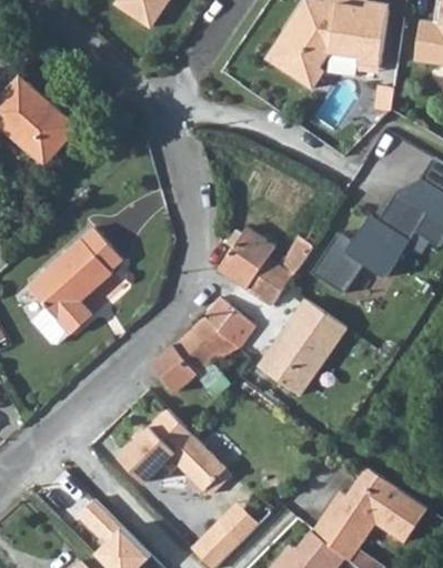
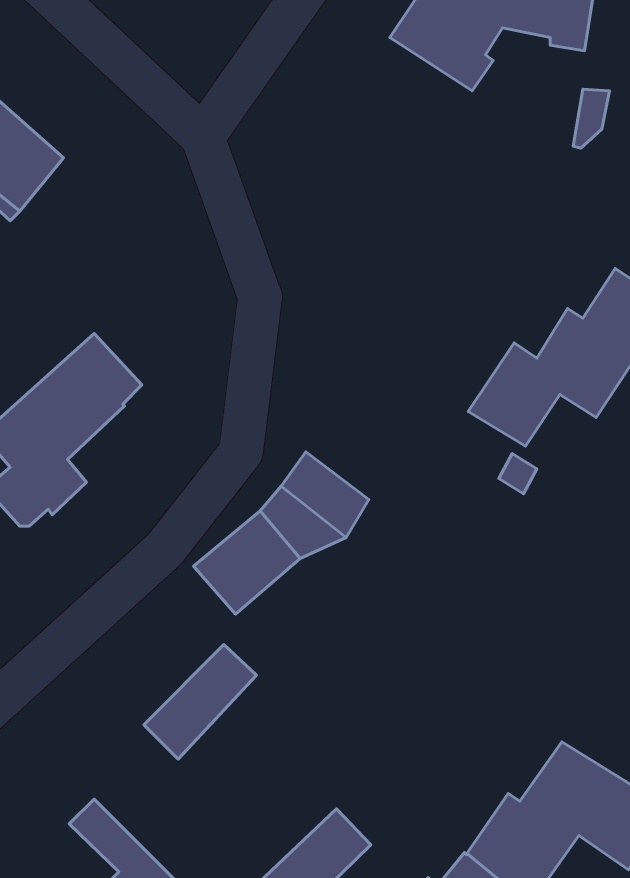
building: [218,227,313,305] -> none
building: [259,300,345,395] -> none
building: [143,427,229,489] -> none

